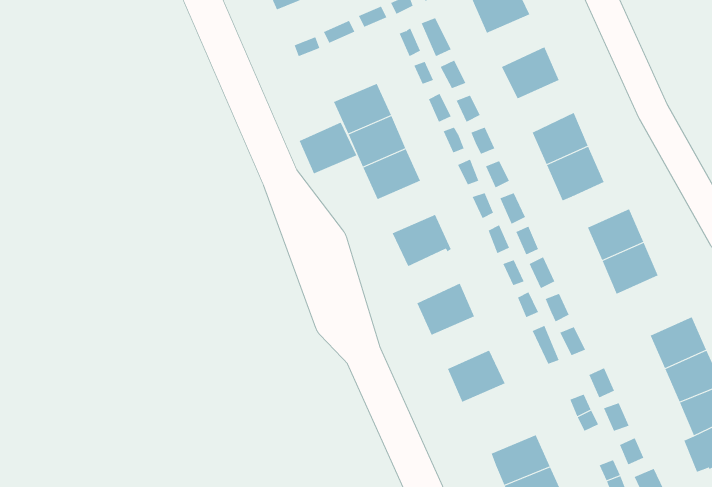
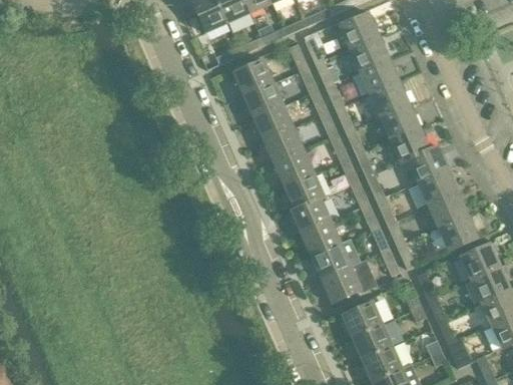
building: none -> [349,35,389,71]
building: none -> [370,80,409,116]
building: [299,122,357,174] -> [233,59,274,95]
building: none -> [408,145,447,181]
building: none -> [274,149,314,185]
building: none -> [291,197,331,234]
building: none -> [438,215,478,251]
building: none -> [311,239,361,279]
building: none -> [341,300,383,337]

